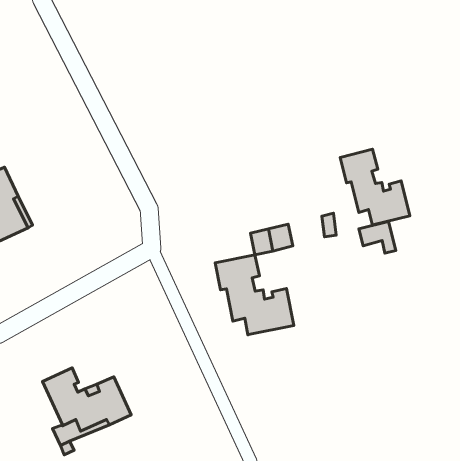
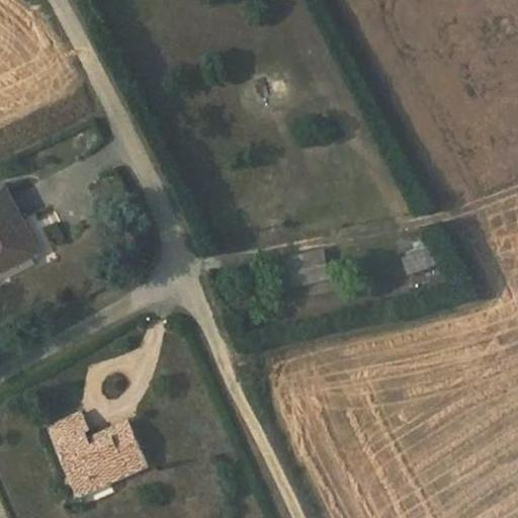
building: [340,149,410,225] -> none
building: [215,255,294,335] -> none

